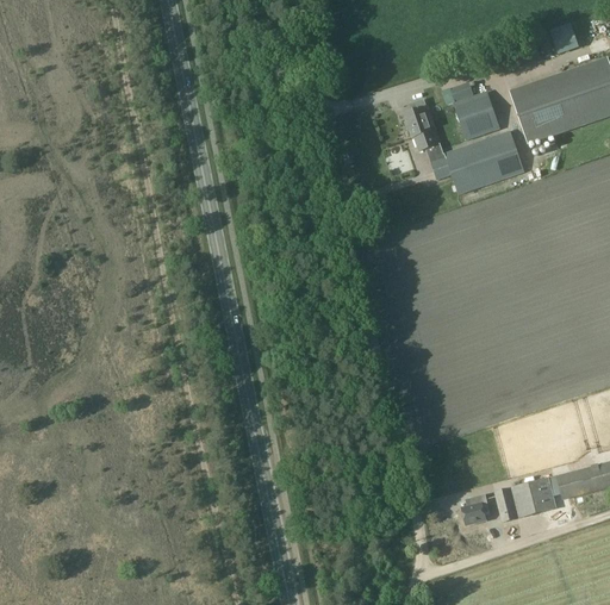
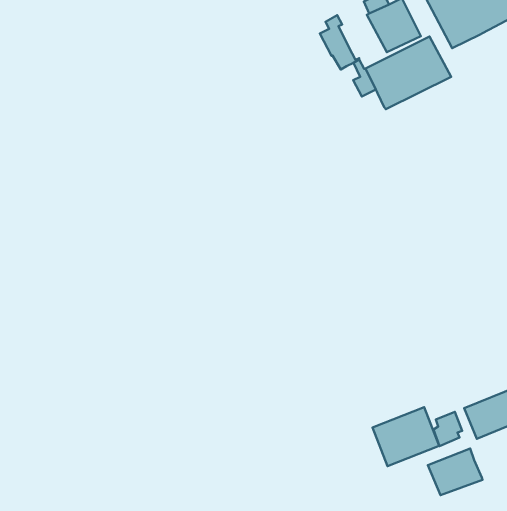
building: none -> [372,407,439,466]
building: none -> [428,448,482,495]

